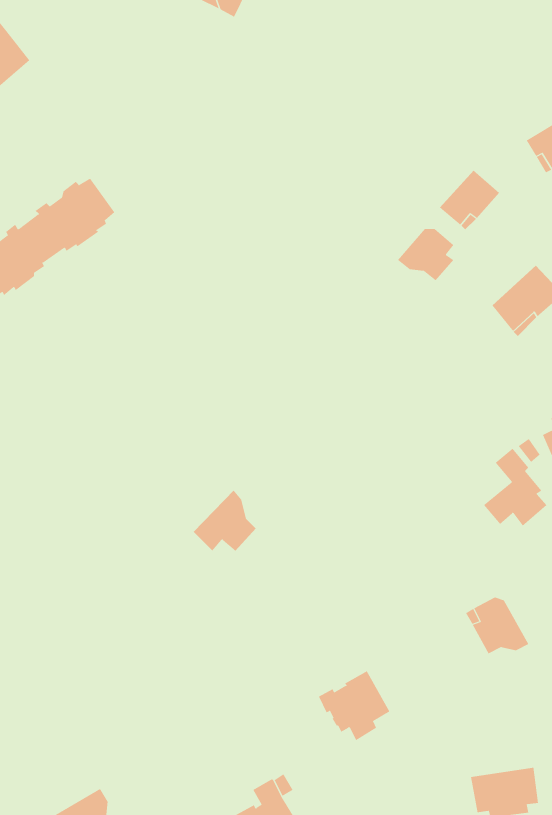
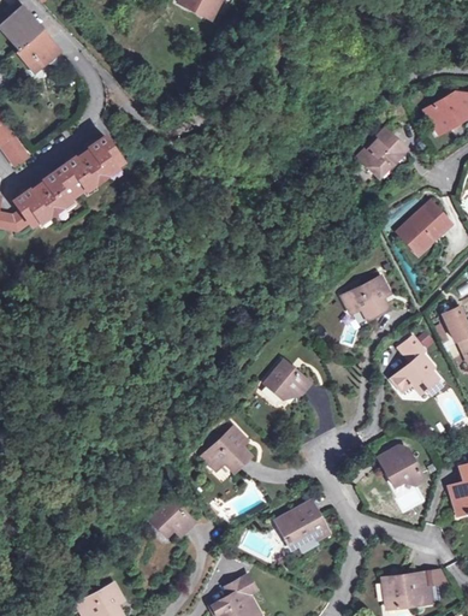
building: [397,228,454,281] -> none
building: none -> [344,276,392,319]
building: none -> [266,360,312,398]
building: [193,489,257,552] -> [197,427,244,473]
building: none -> [147,502,189,538]

